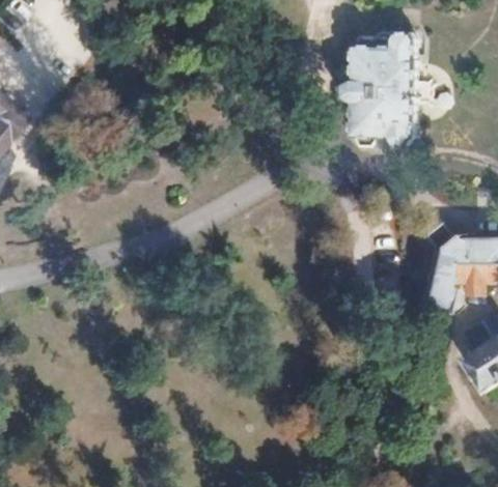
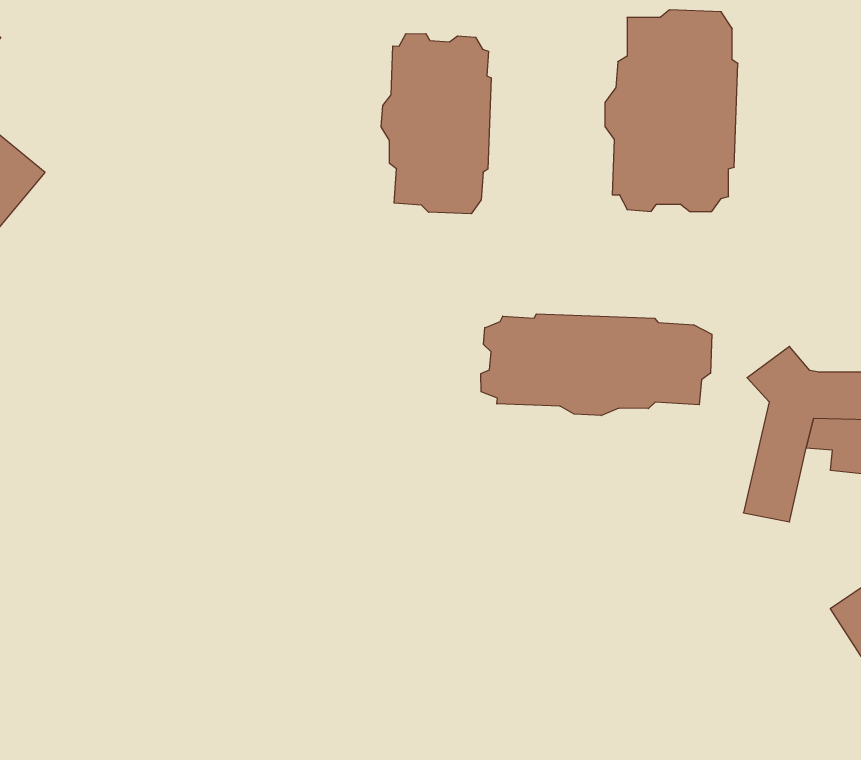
building: none -> [381,34,491,214]
building: none -> [481,314,712,416]

